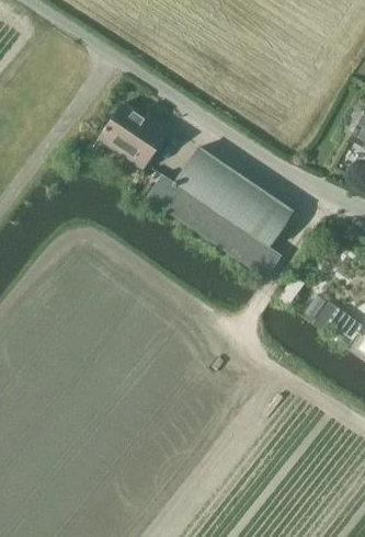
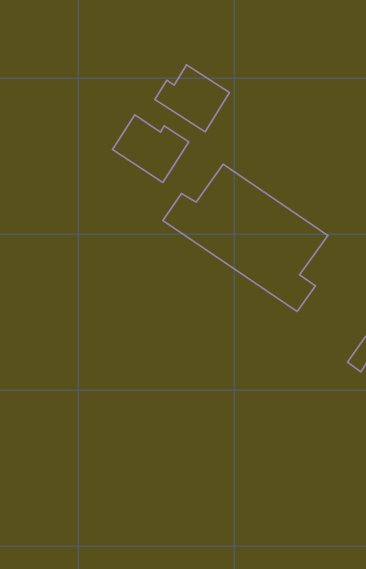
building: none -> [155,65,229,132]

